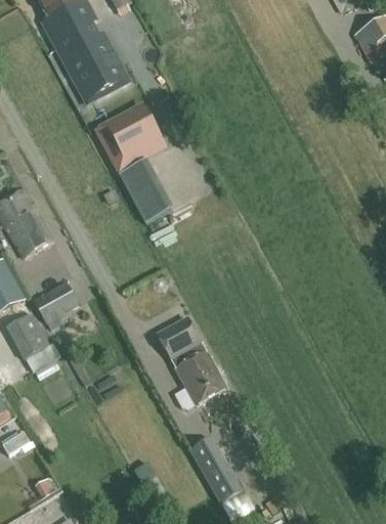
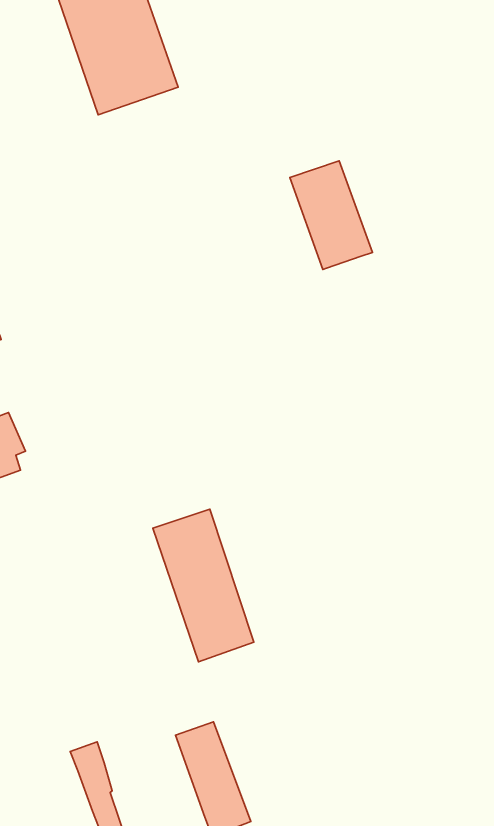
building: [92,98,157,161] -> none
building: [117,160,171,223] -> [290,161,372,269]

